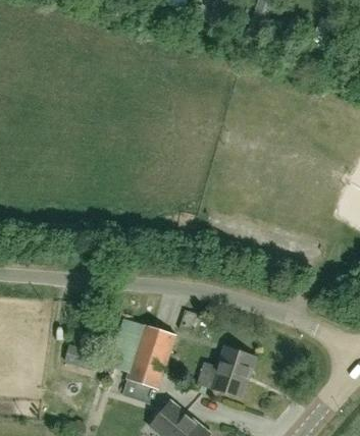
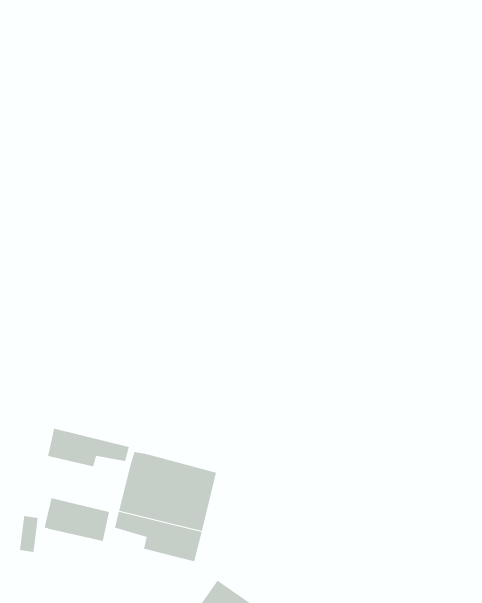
building: none -> [47,428,129,467]
building: [211,347,255,398] -> none

